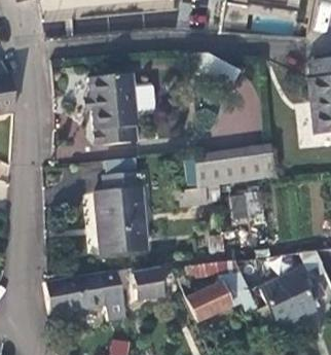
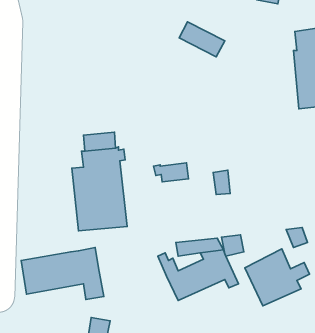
building: [88,73,137,145] -> none
building: [194,144,274,186] -> none
building: [116,267,161,299] -> none

